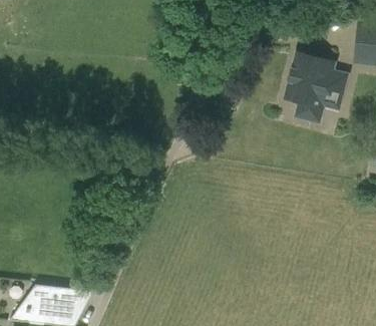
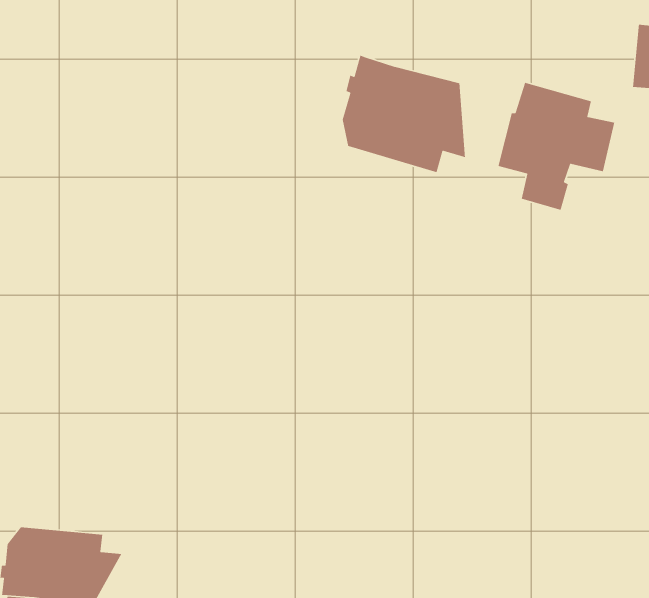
building: none -> [342,54,466,173]

